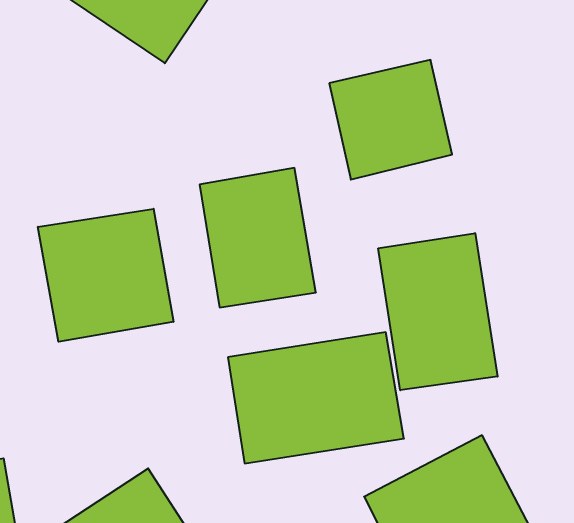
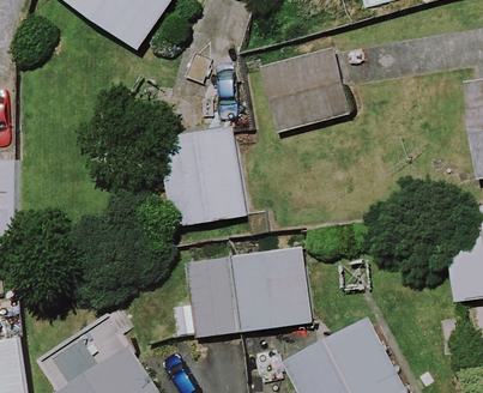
building: [38,209,173,342] -> none
building: [378,233,498,390] -> none

